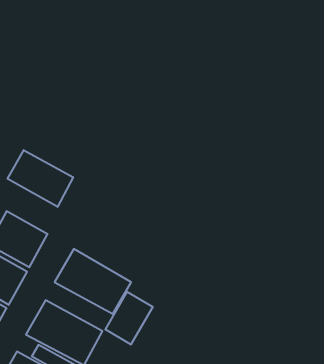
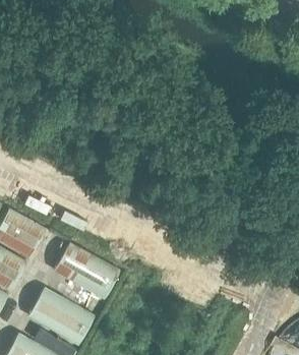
building: [8,150,73,207] -> none
building: [105,292,153,345] -> none

